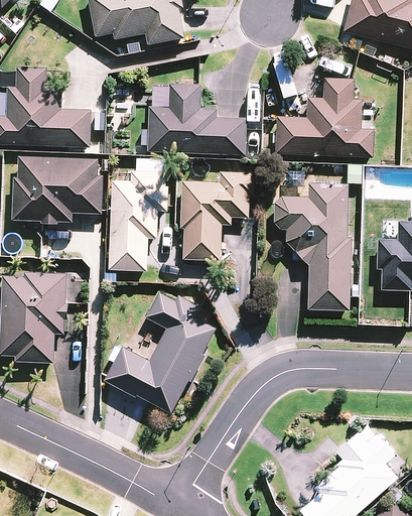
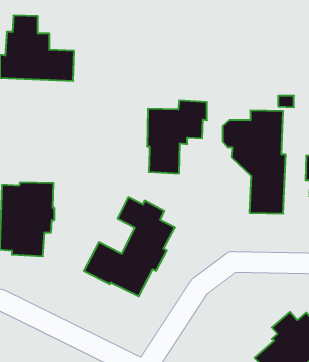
building: [275,78,375,157] -> none
building: [147,83,247,155] -> none
building: [12,156,104,224] -> none
building: [109,170,168,271] -> none

